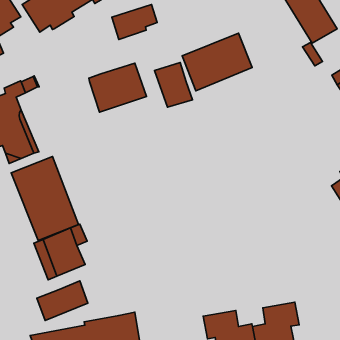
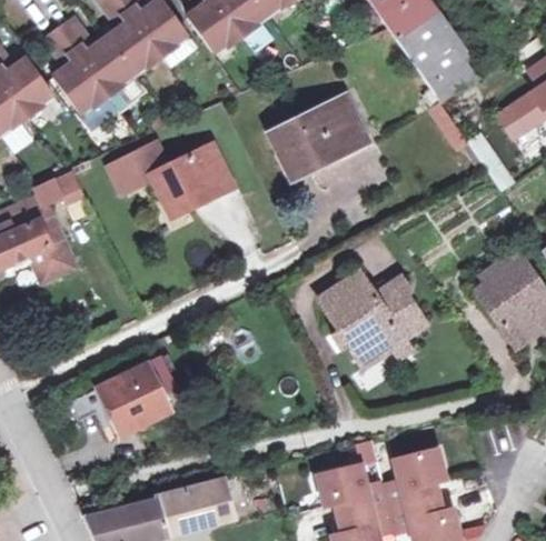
building: [112,5,157,39] -> [101,138,162,187]
building: [154,62,193,107] -> none
building: [11,156,79,240] -> none
building: none -> [325,272,429,362]
building: [37,281,88,321] -> none

